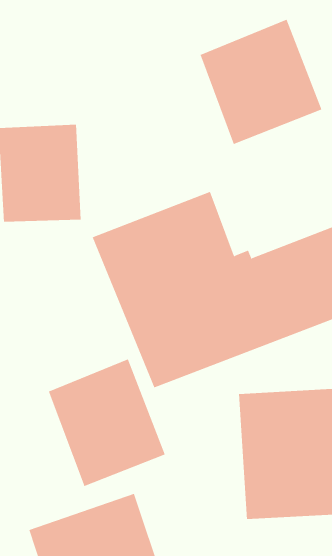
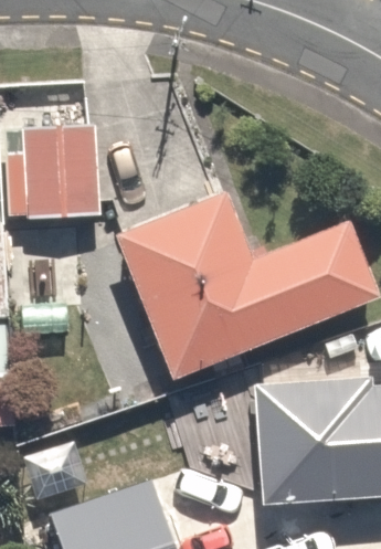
building: [200,19,322,145] -> none
building: [48,359,166,487] -> none

